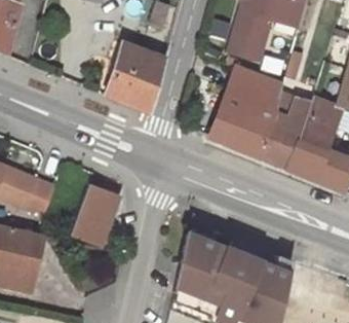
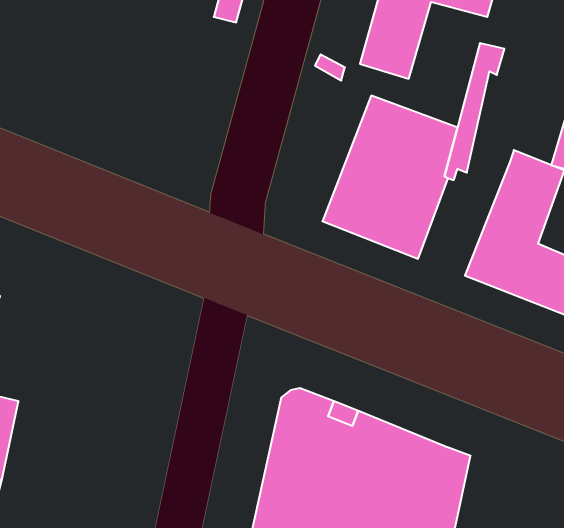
building: [108,44,165,113] -> none
building: [263,99,313,168] -> none
building: [70,185,120,245] -> none

